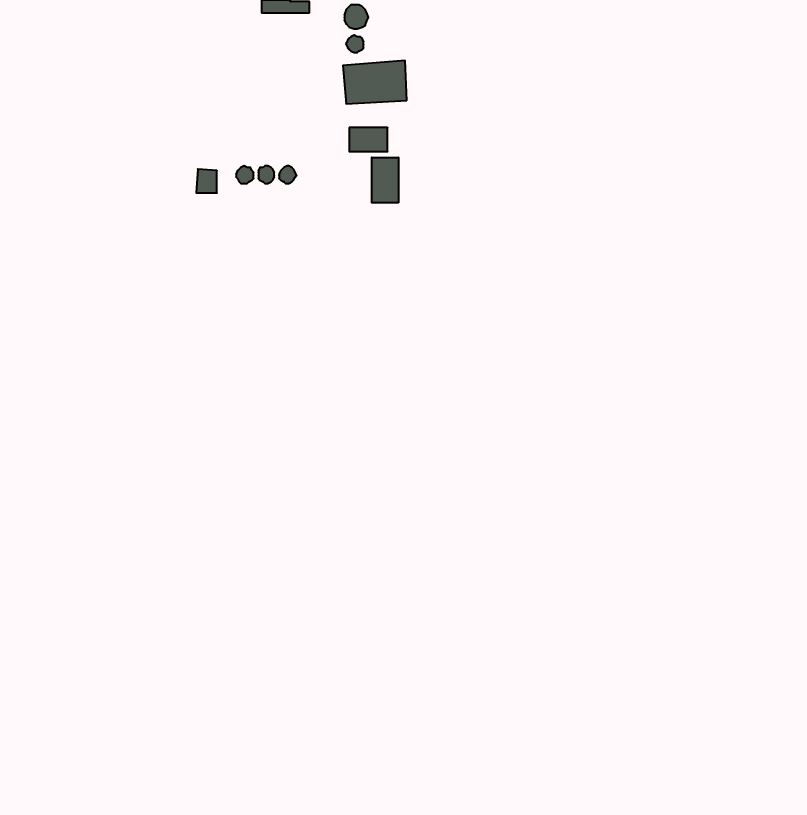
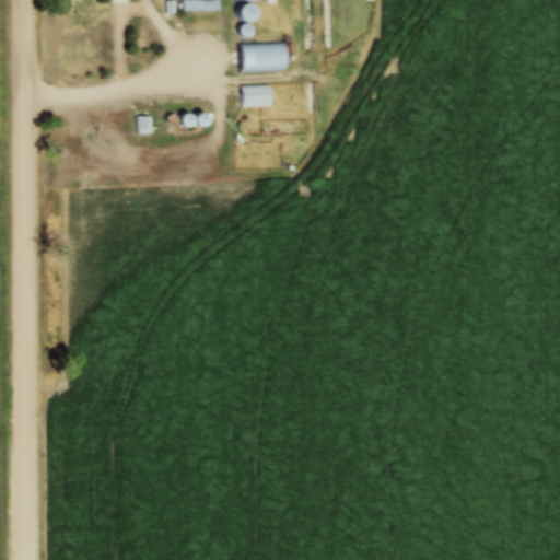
building: [372,157,398,203] -> none

